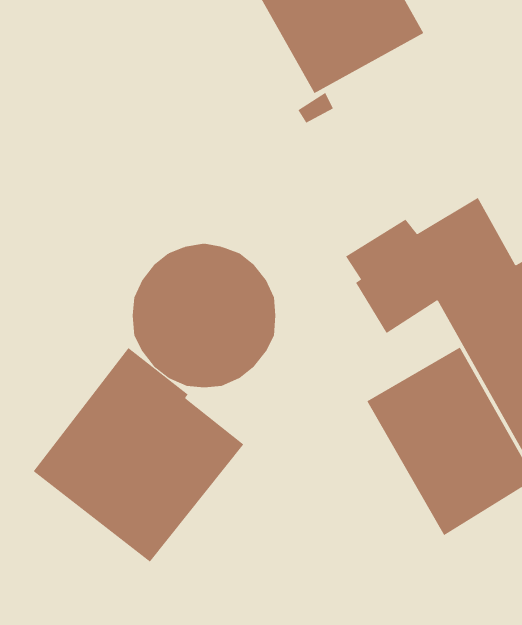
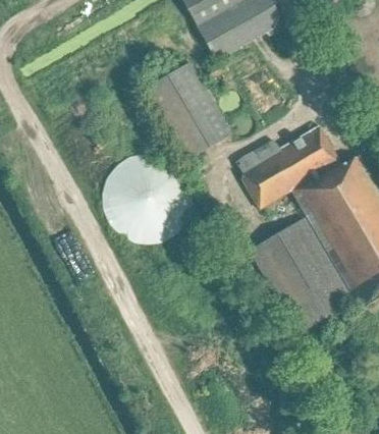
building: none -> [143,60,233,160]
building: [33,347,244,563] -> none

